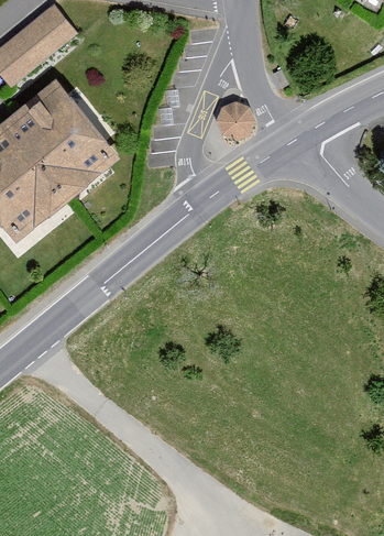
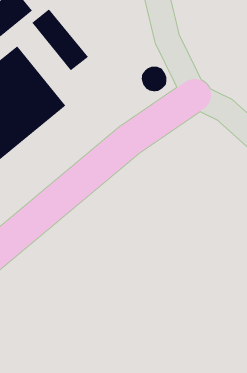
building: none -> [31,8,89,71]

